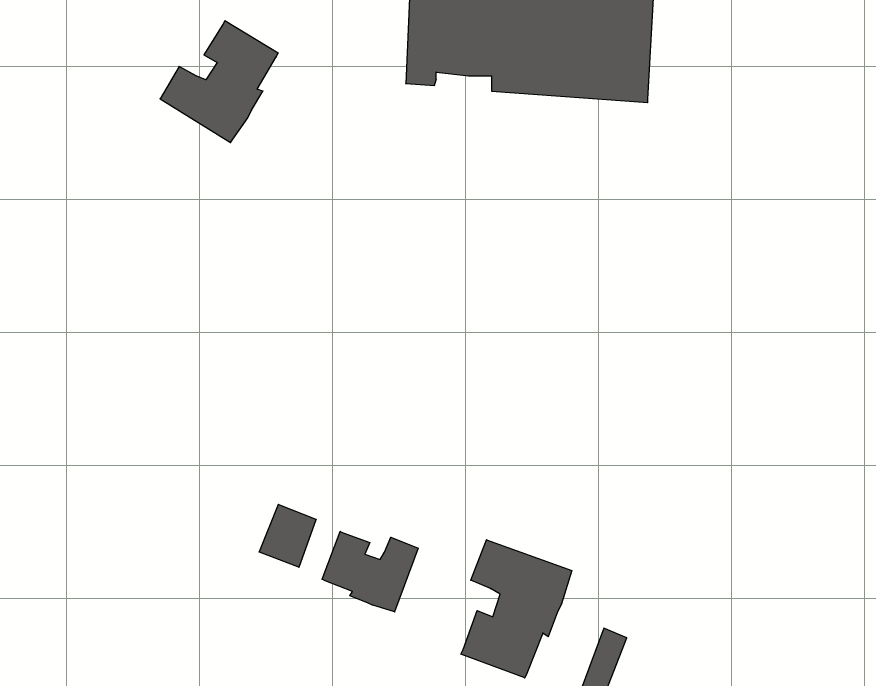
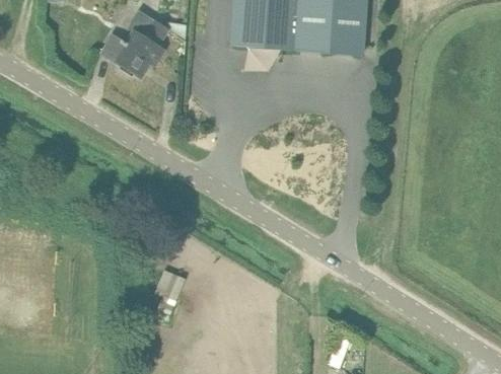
building: [322,531,418,612] -> none
building: [461,540,572,678] -> none

